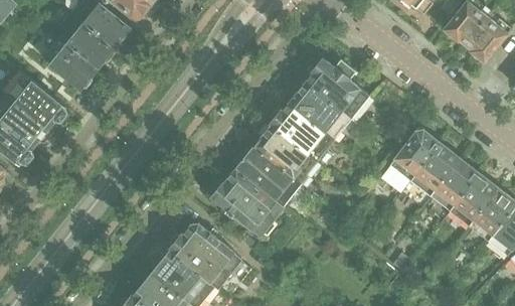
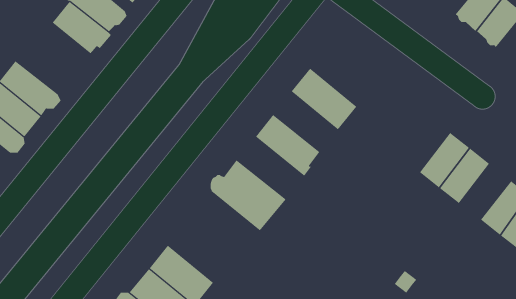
building: [43,37,97,88] -> none
building: [306,59,368,118] -> none
building: [271,103,333,161] -> none
building: [389,129,440,180] -> none
building: [235,146,301,206] -> none
building: [449,172,498,225] -> none
building: [168,222,241,288] -> none

